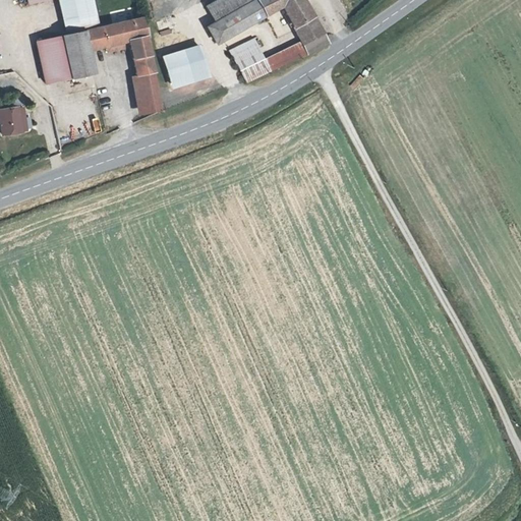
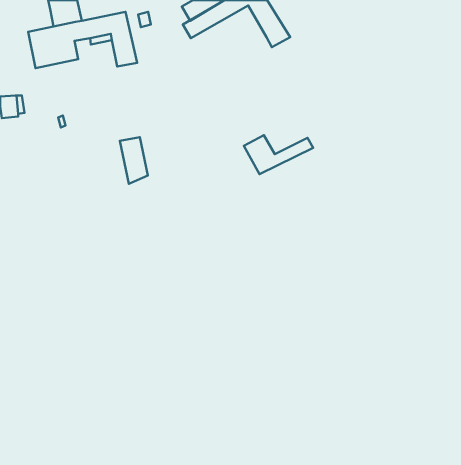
building: [231,39,308,82] -> [244,135,313,174]
building: [166,52,207,79] -> none
building: [135,70,167,122] -> [120,137,148,184]

